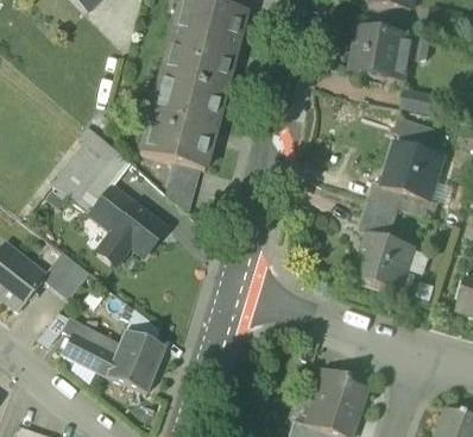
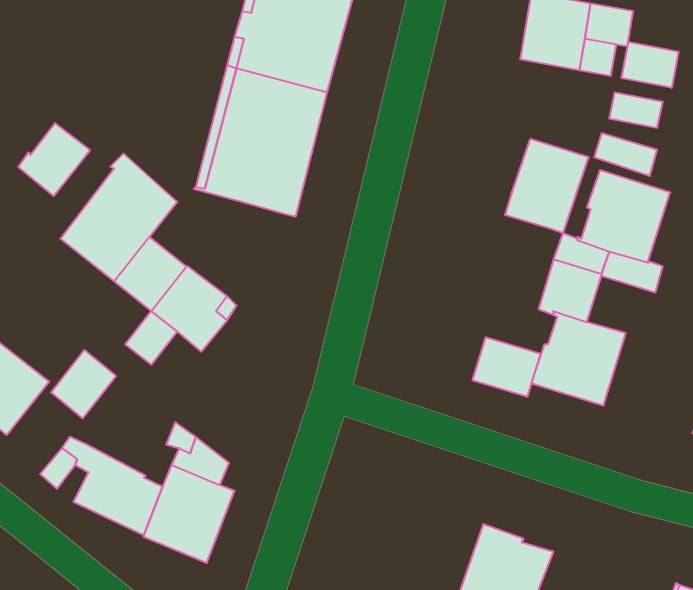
building: none -> [622,42,679,88]
building: none -> [18,123,90,196]
building: none -> [505,139,589,233]
building: [162,160,200,212] -> none
building: none -> [473,337,540,397]

